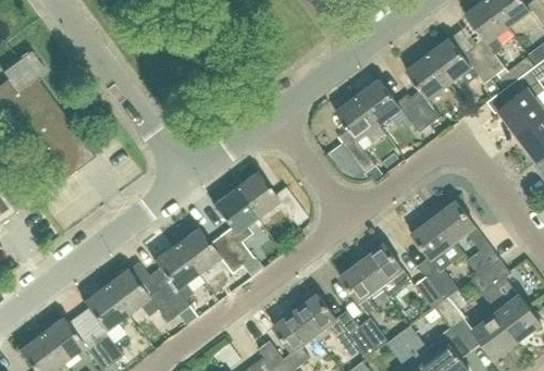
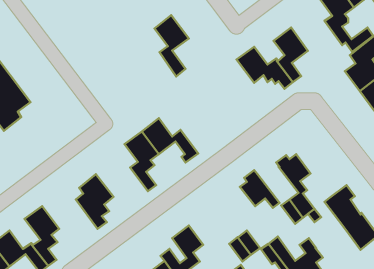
building: [428,37,494,84] -> none
building: [335,95,380,174] -> [154,15,189,76]
building: [434,200,499,274] -> none
building: [174,227,242,274] -> none
building: [339,260,381,314] -> none
building: [104,269,176,322] -> none
building: [295,294,345,339] -> none
building: [459,312,518,359] -> none

